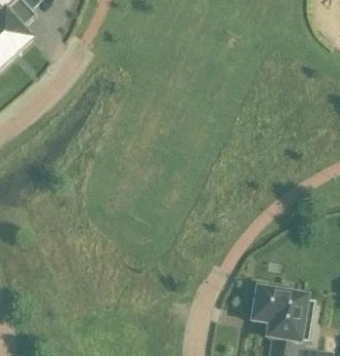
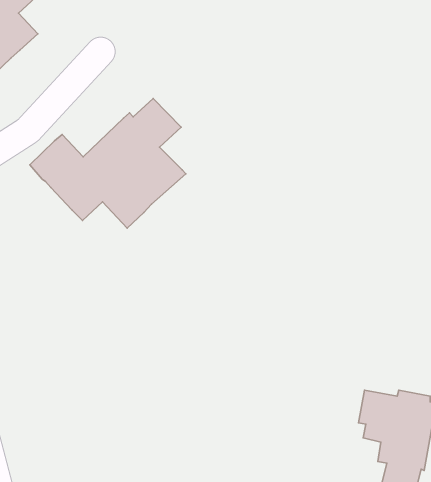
building: none -> [30,98,186,228]

